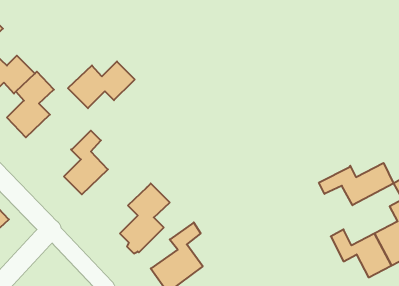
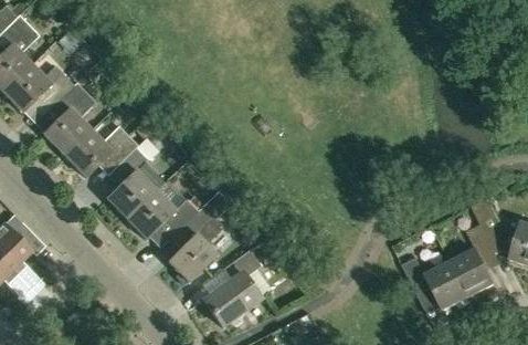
building: [68,61,135,108] -> [64,126,138,178]
building: [319,163,394,205] -> none
building: none -> [126,191,198,240]

